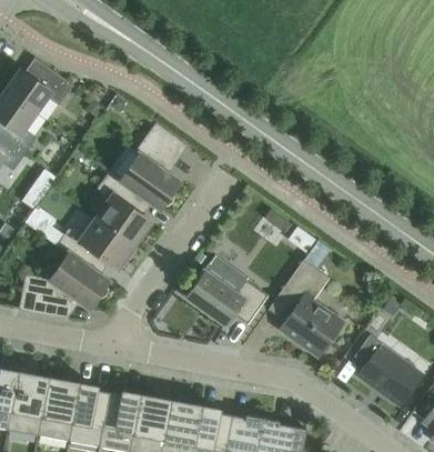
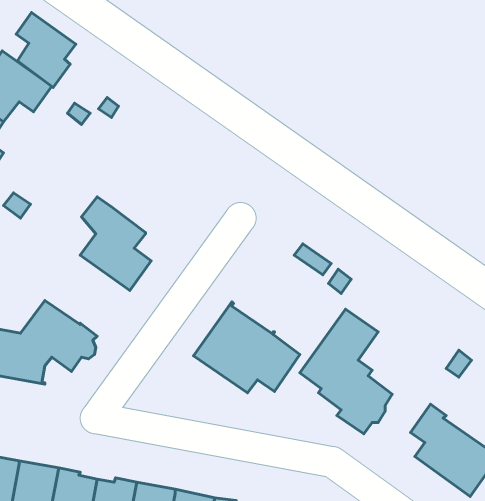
building: none -> [16,13,76,87]
building: [120,122,188,210] -> none
building: [43,218,134,272] -> none

